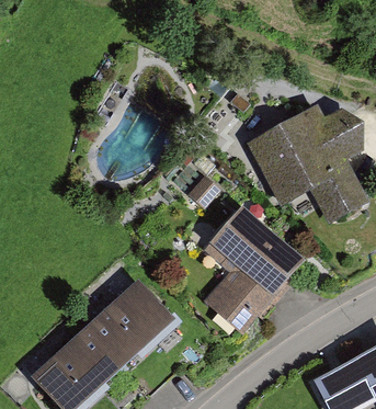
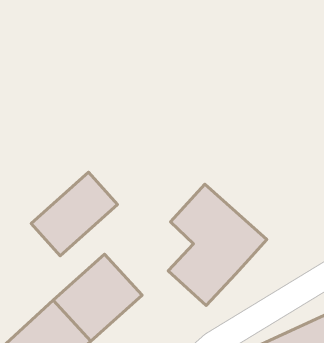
building: [248,104,357,212] -> none
building: none -> [31,172,117,256]

